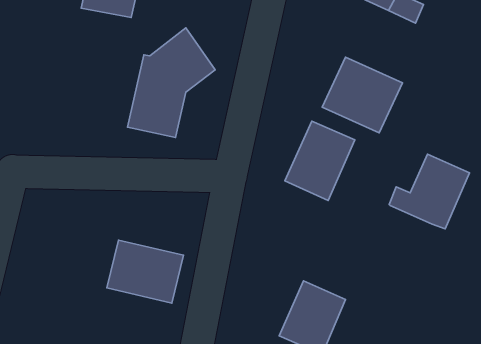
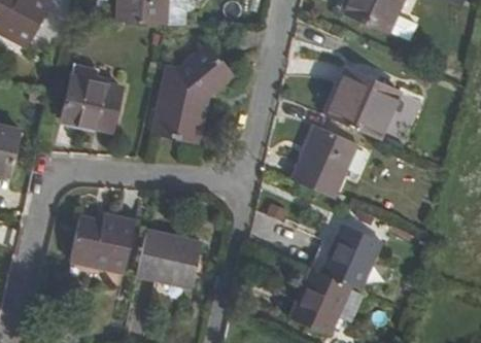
building: none -> [61,77,121,130]
building: [389,154,470,229] -> [310,222,381,288]
building: none -> [71,215,137,273]

